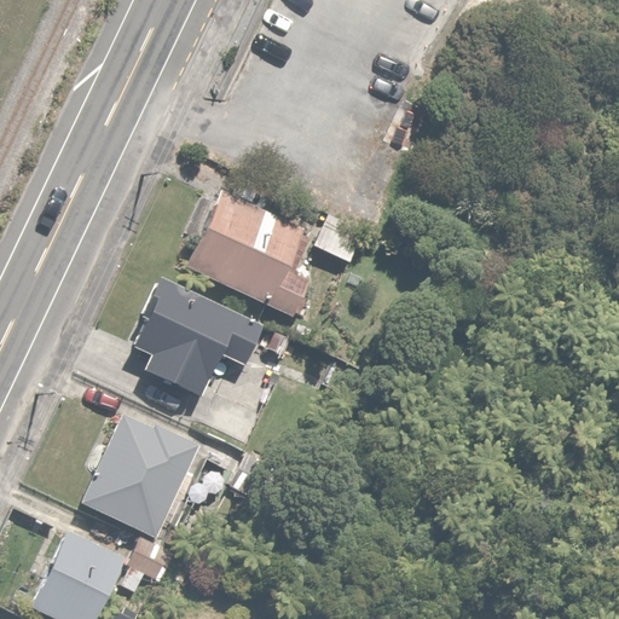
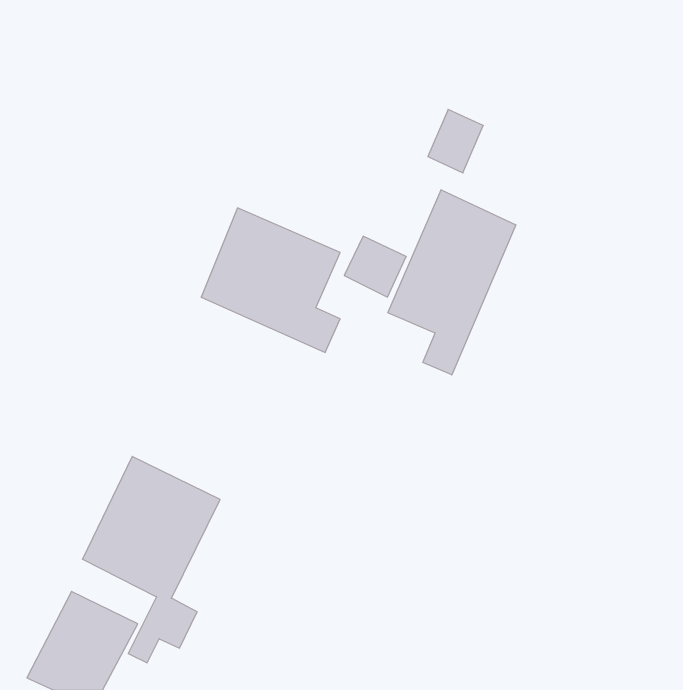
building: none -> [388,190,516,375]
building: [128,279,265,394] -> none

